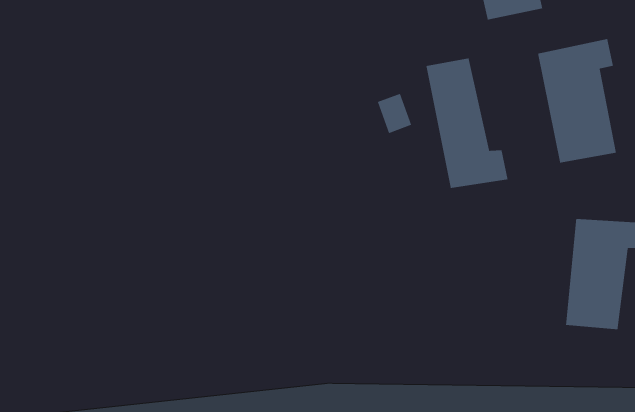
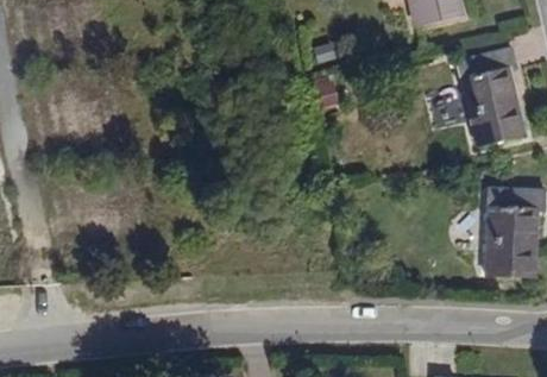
building: [425,57,509,189] -> none

